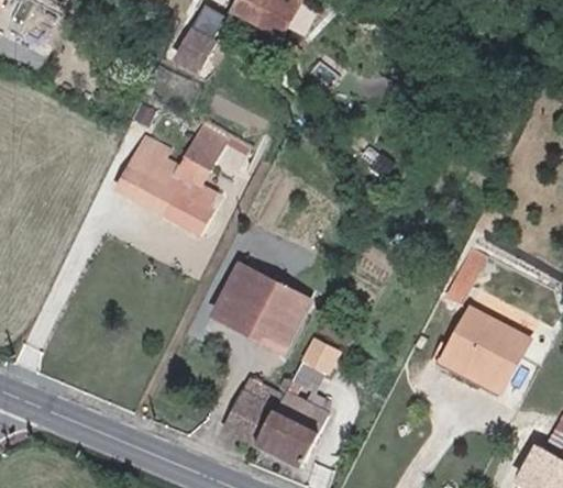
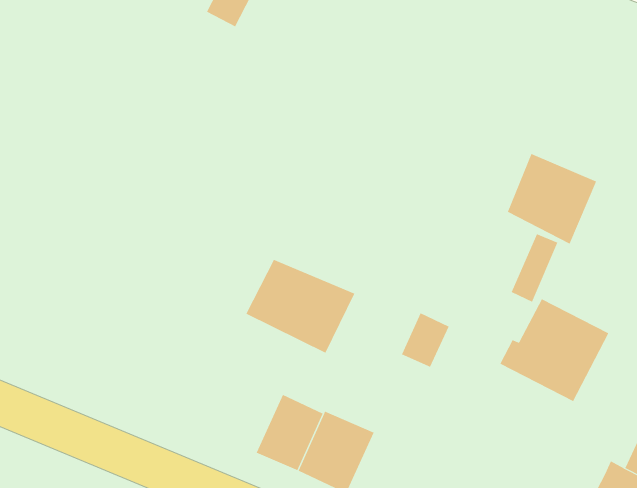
building: [114,121,229,235] -> none
building: none -> [507,153,597,245]
building: [295,340,336,387] -> [401,313,449,367]

